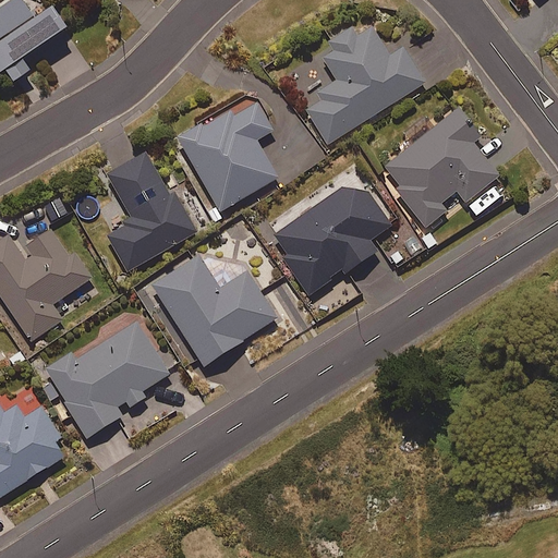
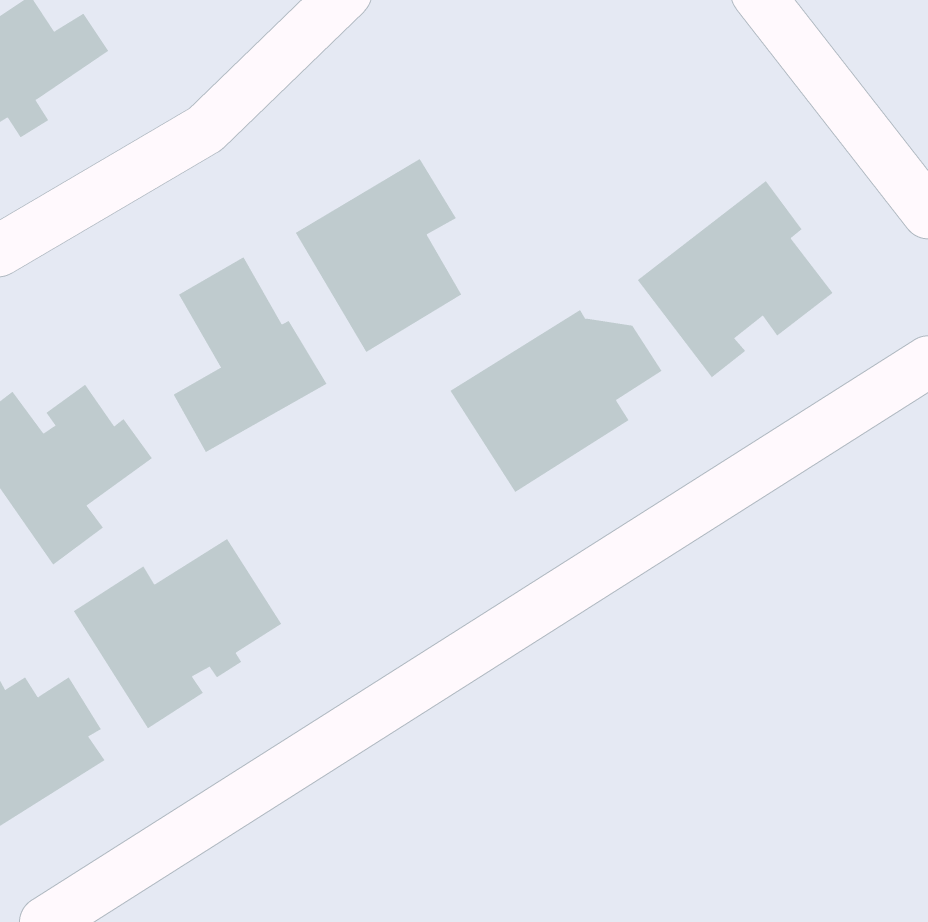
building: [302,27,425,143] -> none
building: [147,254,277,368] -> none

